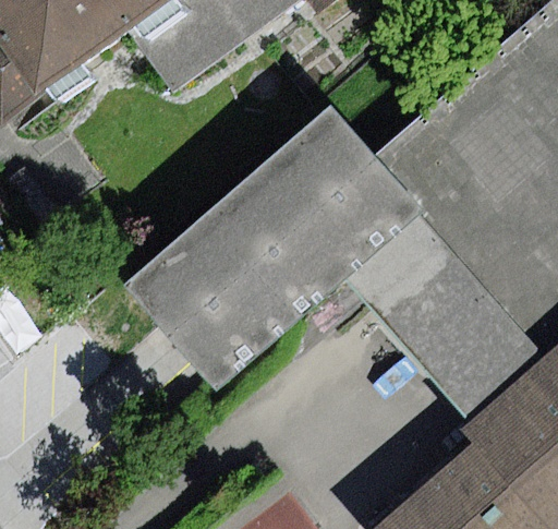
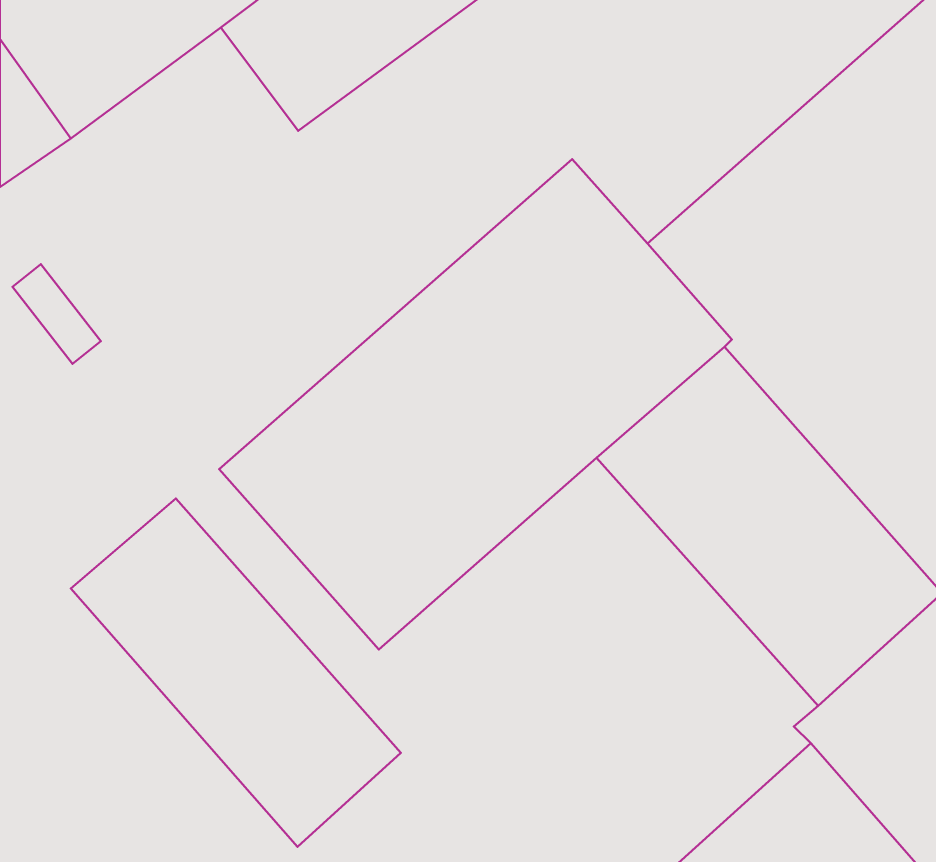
building: none -> [71,498,401,847]

